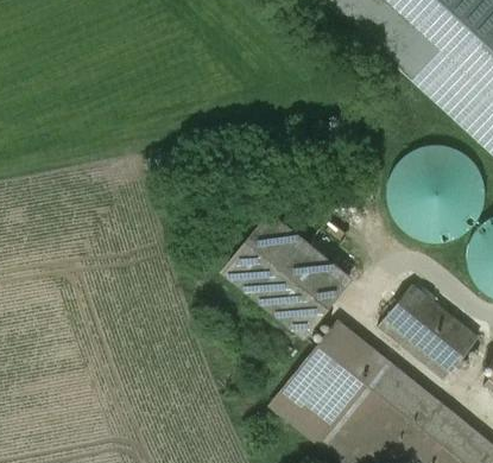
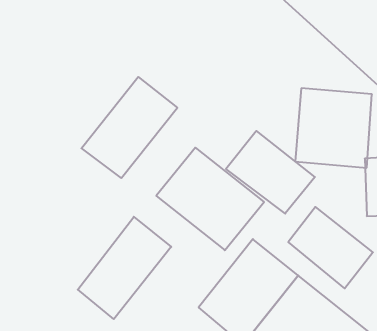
building: none -> [81,77,177,178]
building: none -> [226,131,315,214]
building: none -> [78,217,171,319]

